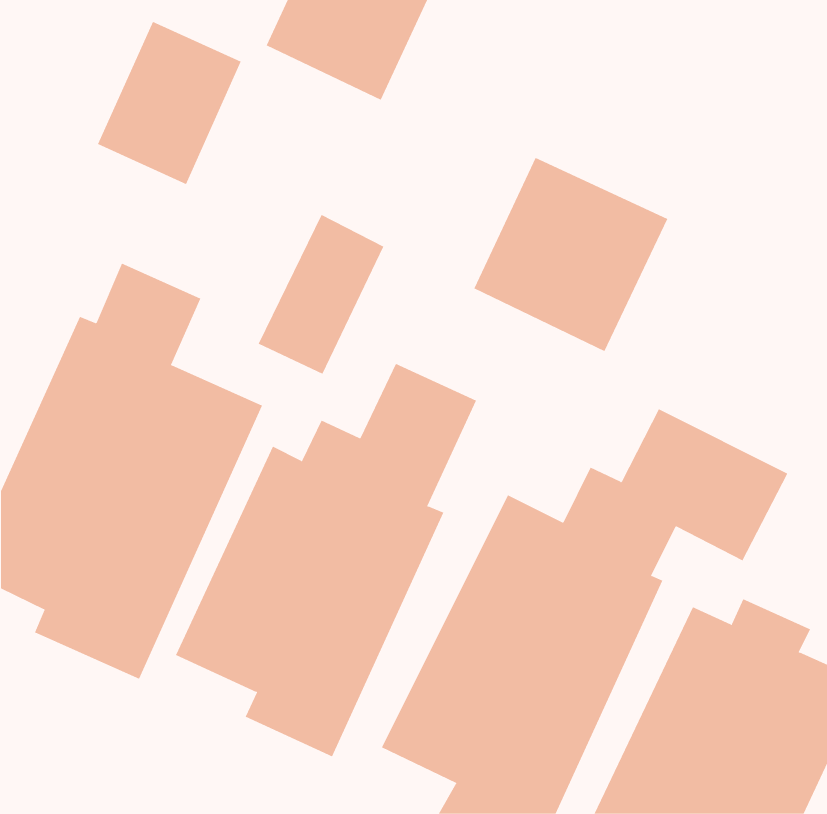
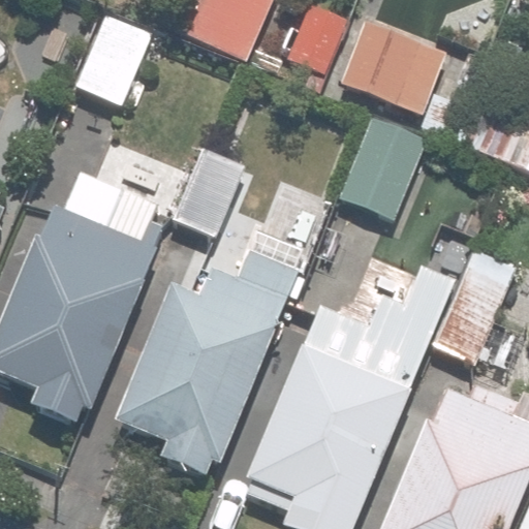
building: none -> [332,11,444,112]

